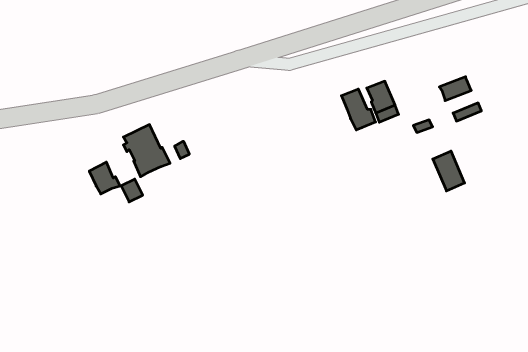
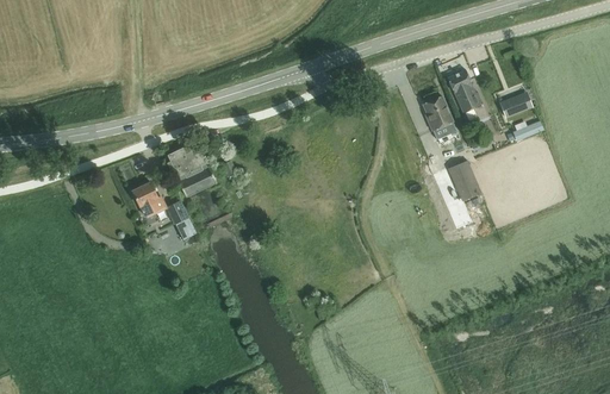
building: [341,89,376,130] -> [448,70,484,113]
building: [433,151,465,191] -> [448,160,481,201]

